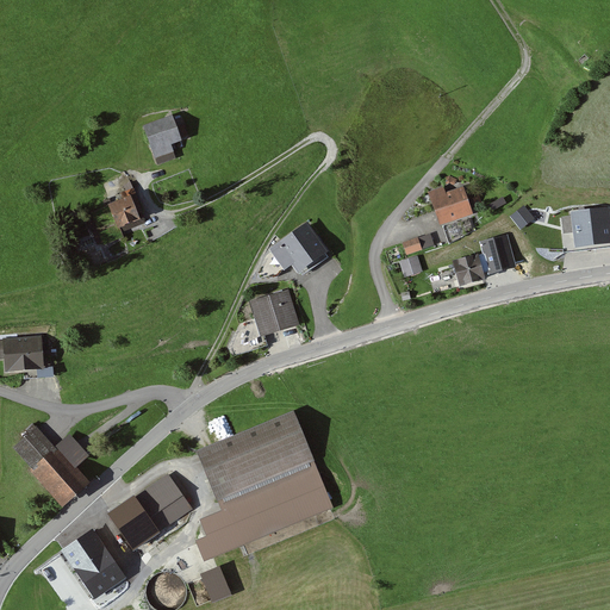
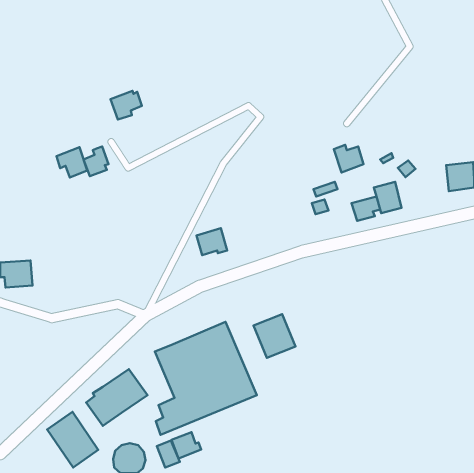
building: none -> [57,147,87,177]
building: [270,224,325,270] -> none
building: none -> [253,314,295,358]
building: [13,428,88,499] -> none
building: none -> [172,432,201,459]

